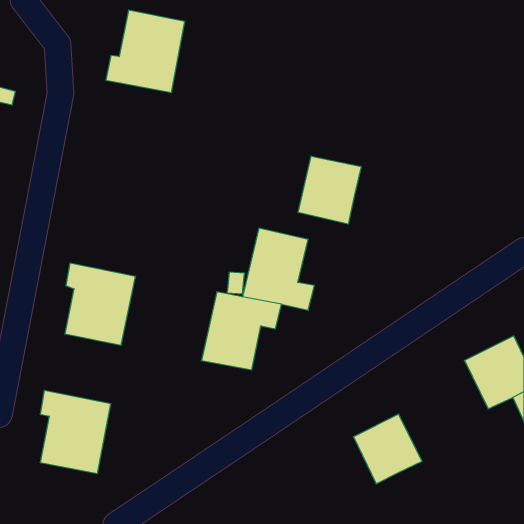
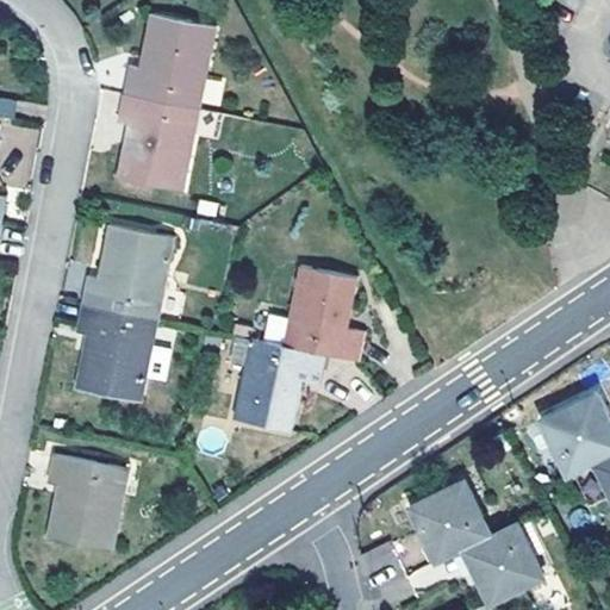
building: none -> [116,94,199,192]
building: [298,156,361,224] -> none
building: none -> [81,224,174,322]
building: none -> [462,524,542,603]

